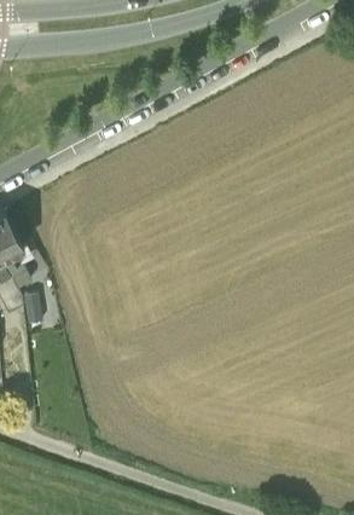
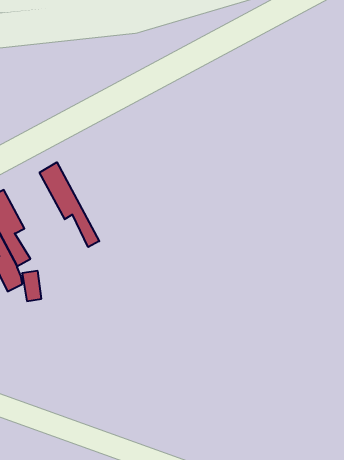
building: none -> [40,162,99,247]

